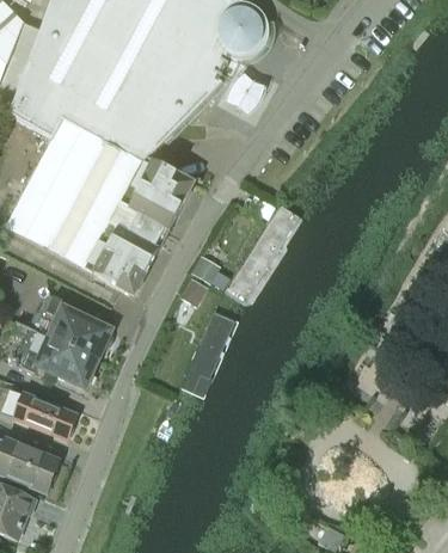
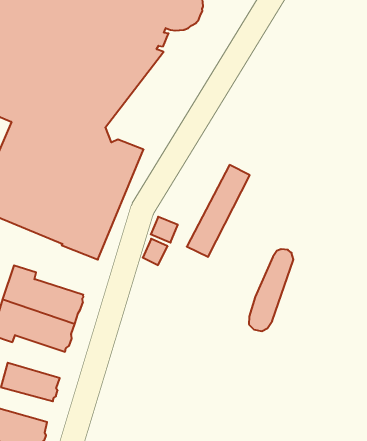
building: [183,309,237,394] -> [249,249,293,331]

